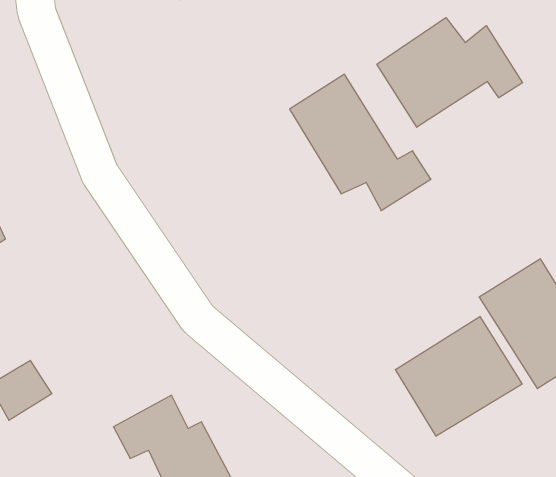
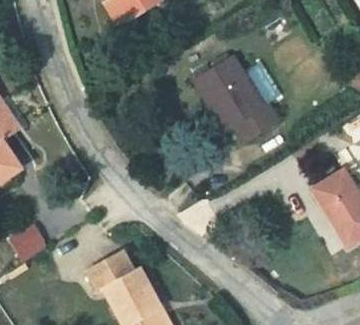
building: [377,18,523,127] -> none
building: [395,316,522,436] -> none

